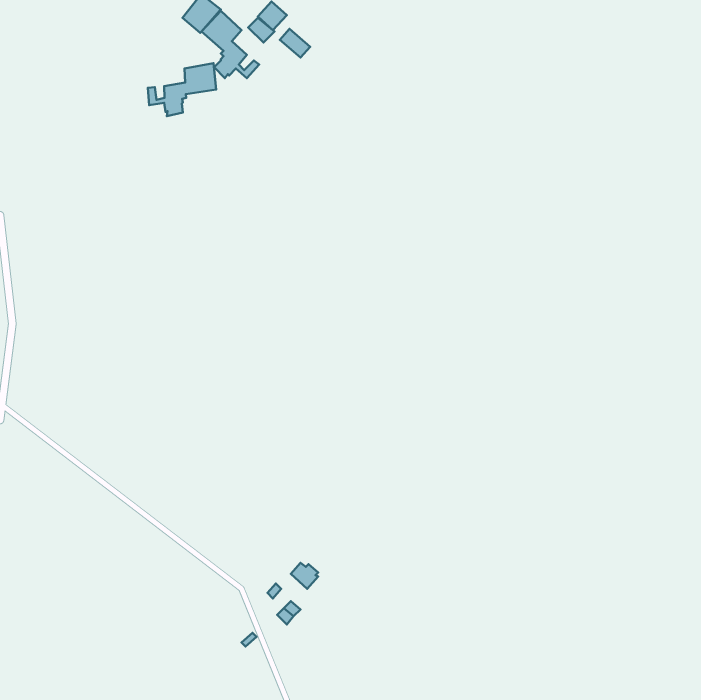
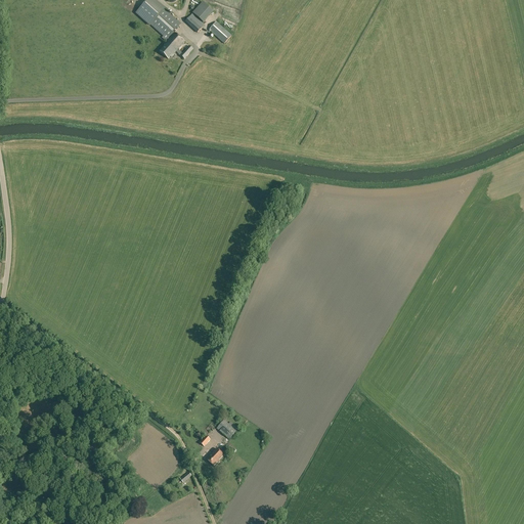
building: [148,63,216,116] -> none

